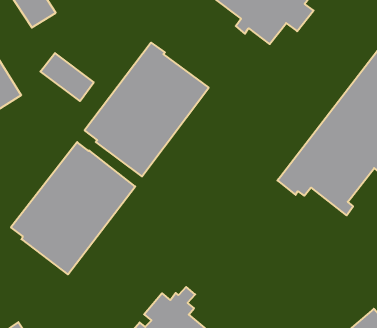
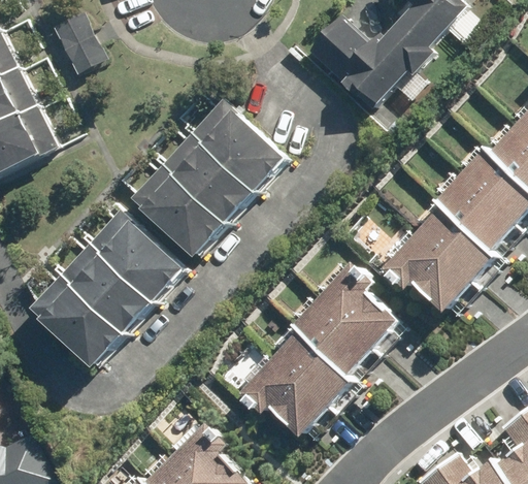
building: [40,53,94,101] -> none
building: none -> [241,248,394,435]

